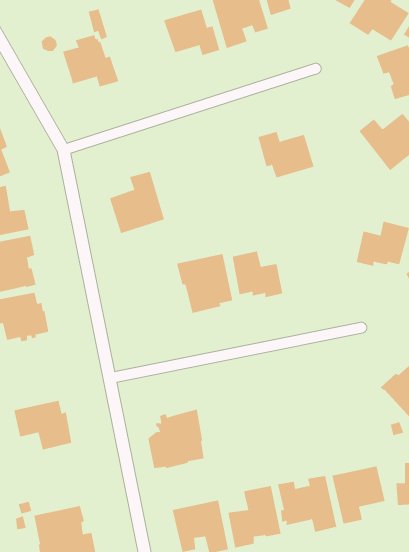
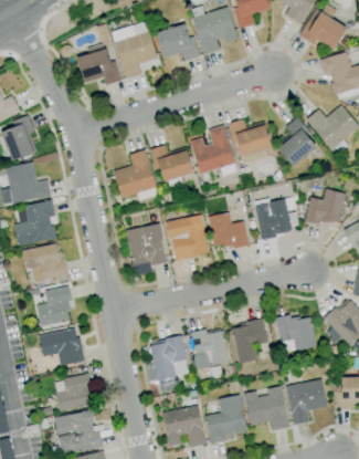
building: none -> [110,25,157,80]
building: none -> [275,117,316,167]
building: none -> [189,126,234,175]
building: none -> [148,145,192,182]
building: none -> [254,199,298,240]
building: none -> [126,223,166,268]
building: none -> [35,286,72,327]
building: none -> [275,315,316,352]
building: none -> [231,319,267,364]
building: none -> [188,328,229,369]
building: none -> [55,373,91,413]

